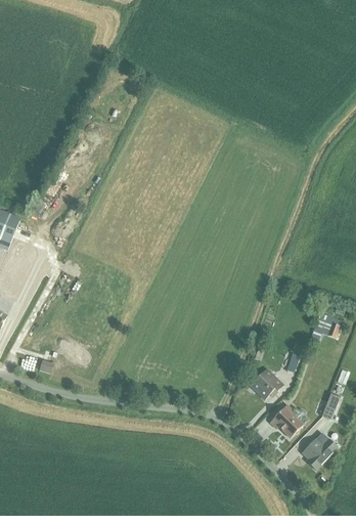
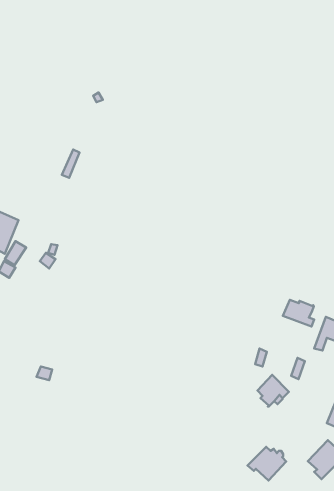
building: none -> [283,300,314,326]
building: [269,404,307,437] -> [247,447,286,480]

